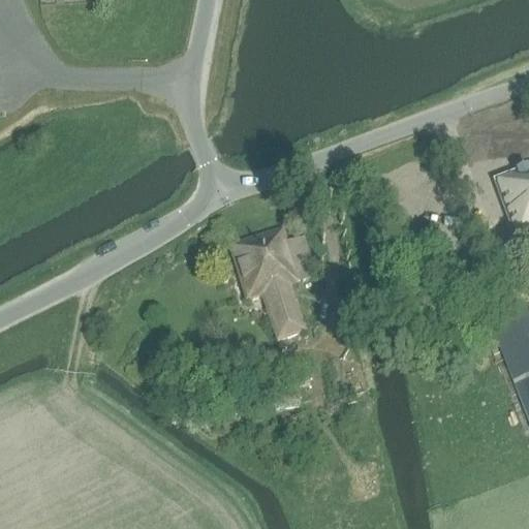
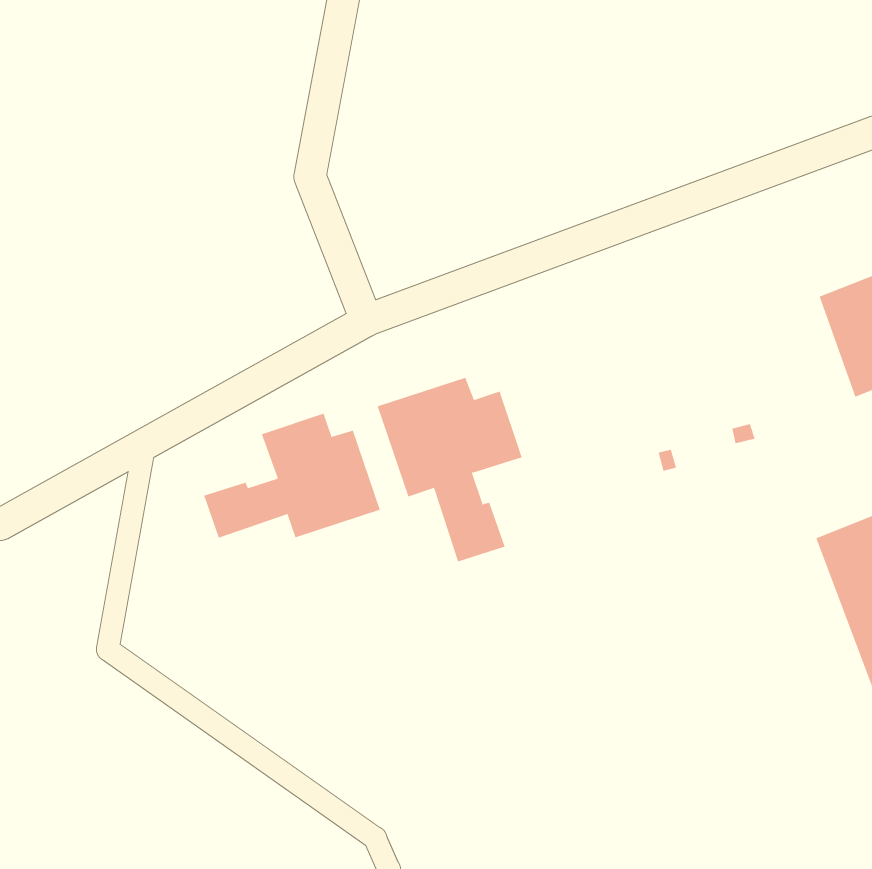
building: none -> [204,413,381,538]

